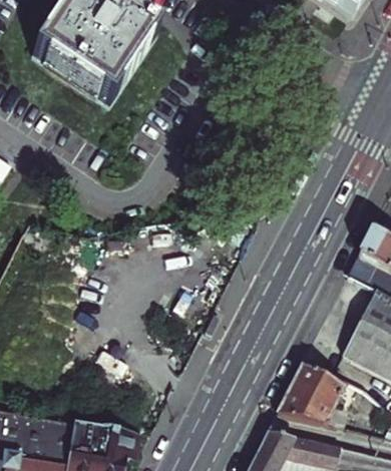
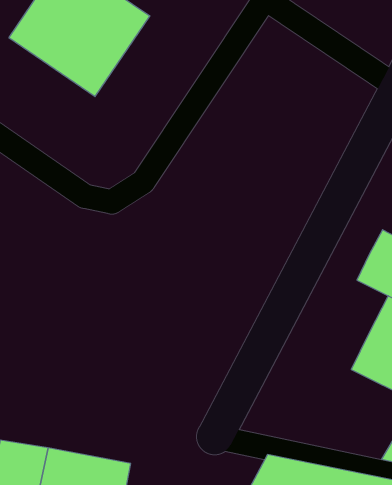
building: [274,365,349,430] -> none

